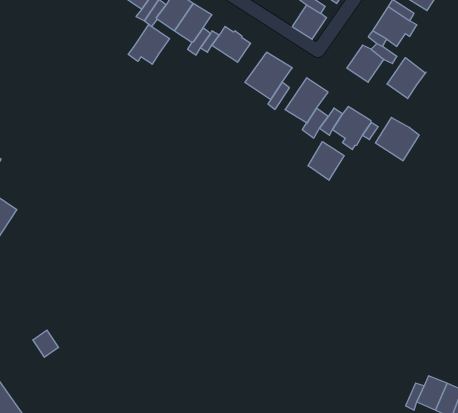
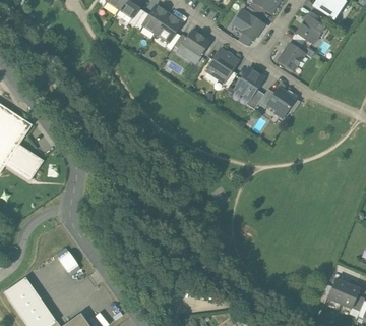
building: [128,24,170,64] -> none
building: [387,58,426,99] -> none
building: [375,117,419,161] -> none
building: [308,142,344,180] -> none

